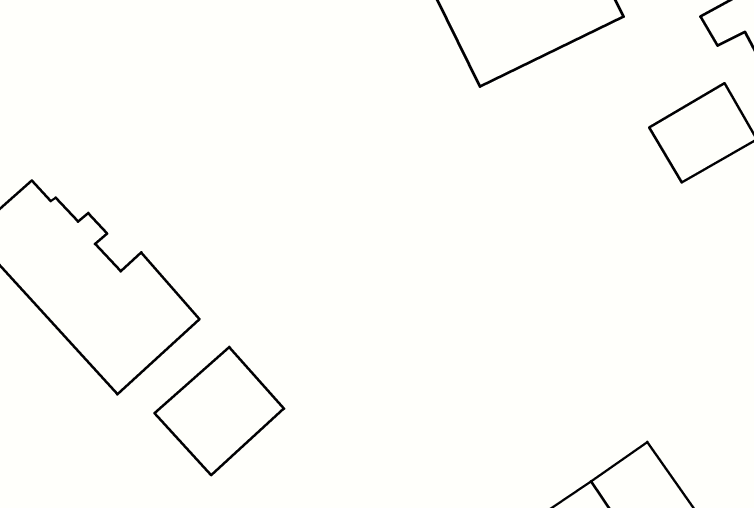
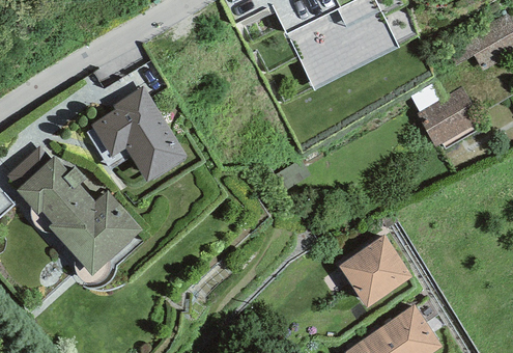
building: none -> [90,86,188,182]
building: none -> [337,235,411,307]
building: [155,347,284,475] -> none

